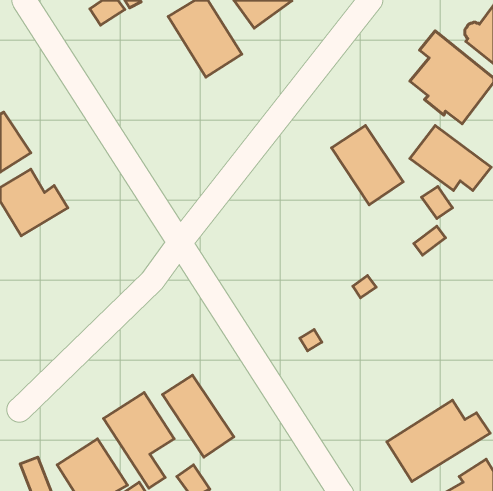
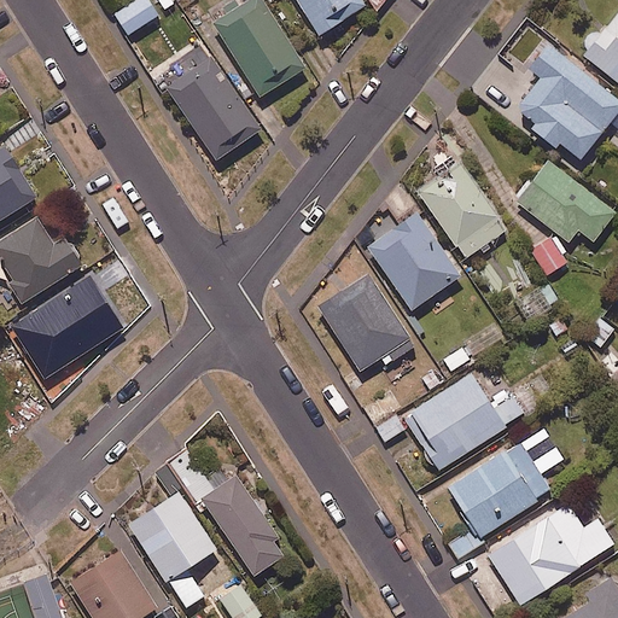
building: none -> [158,52,258,163]
building: none -> [365,211,459,309]
building: none -> [14,273,128,375]
building: none -> [314,280,414,371]
building: none -> [402,374,524,470]
building: none -> [445,441,552,537]

